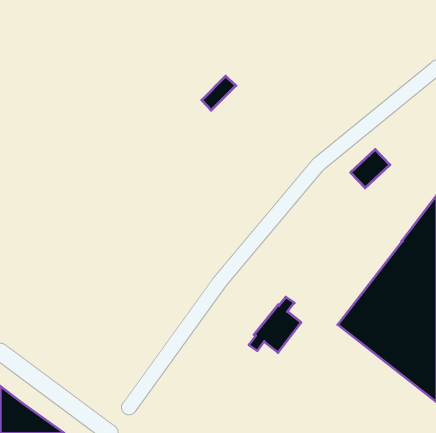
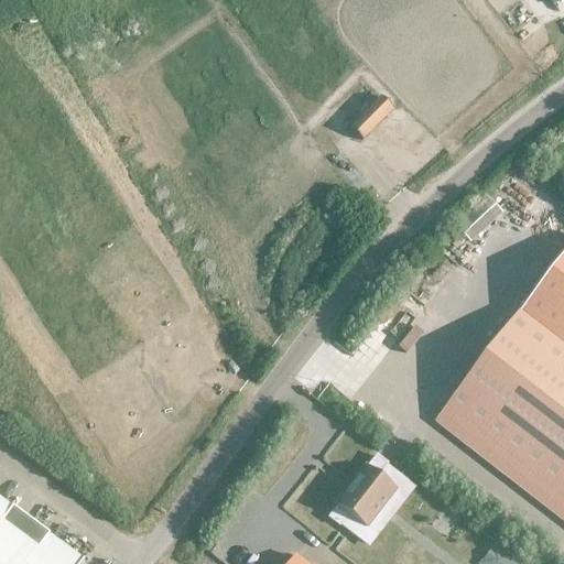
building: [202,76,236,110] -> [350,95,394,139]
building: [249,297,301,353] -> [329,454,397,525]

